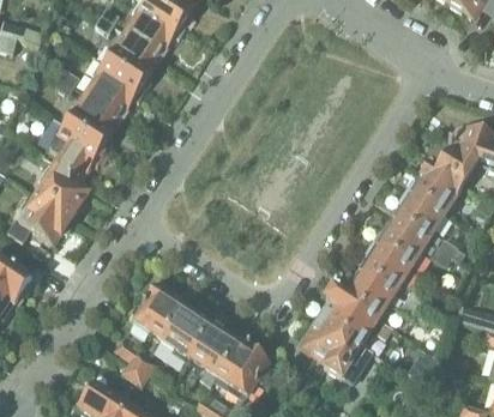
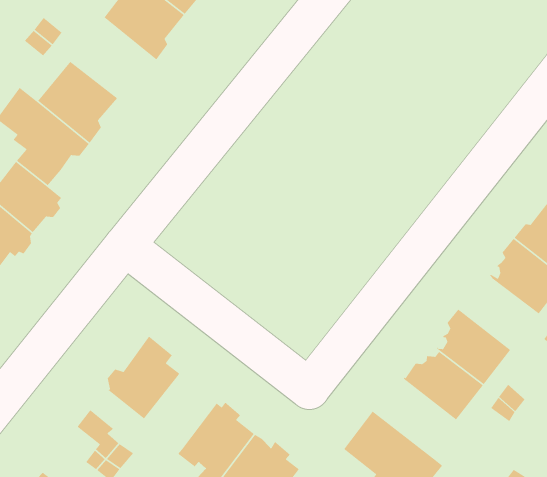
building: [85,62,145,117] -> none
building: [372,218,428,266] -> none
building: [319,289,392,346] -> none
building: [161,306,210,358] -> none

